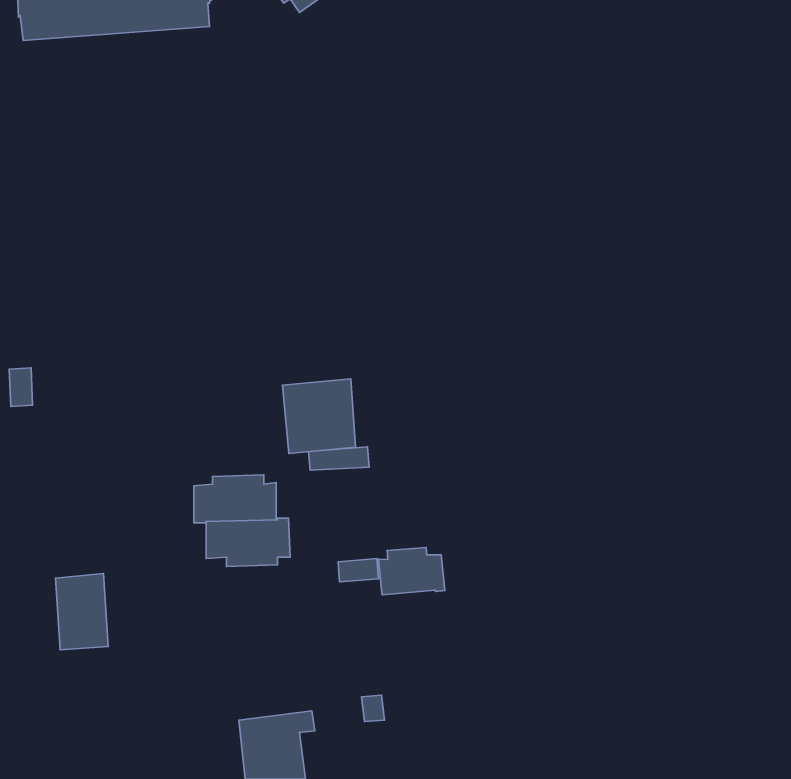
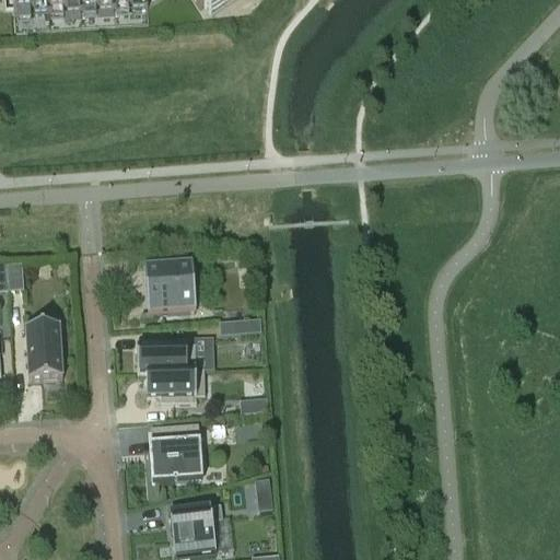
building: [283,379,355,453] -> [144,258,196,311]
building: [378,547,445,595] -> none
building: [56,574,108,650] -> [26,323,63,376]
building: none -> [151,419,203,478]

